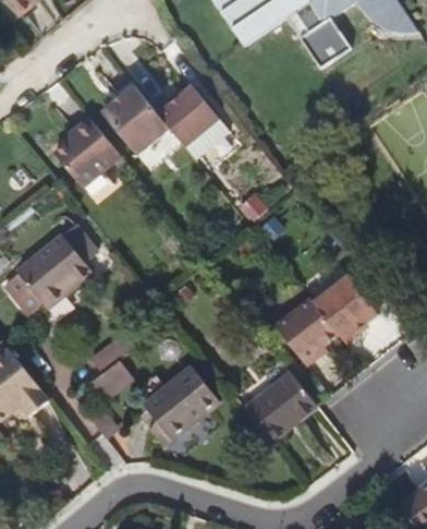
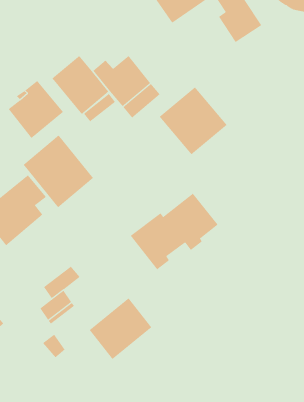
building: none -> [159,86,227,155]
building: none -> [23,135,94,208]
building: [276,276,379,366] -> [130,193,218,270]
building: [245,372,317,442] -> none

